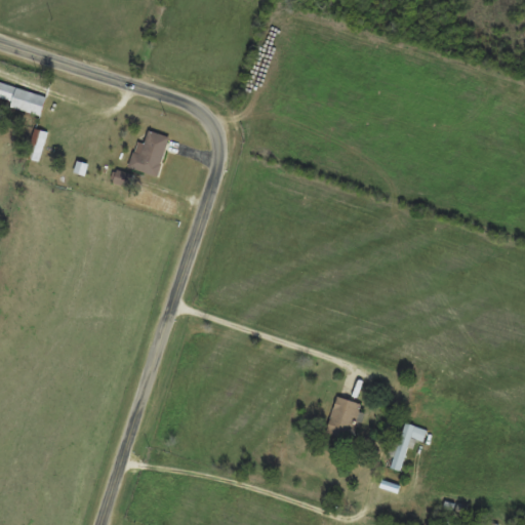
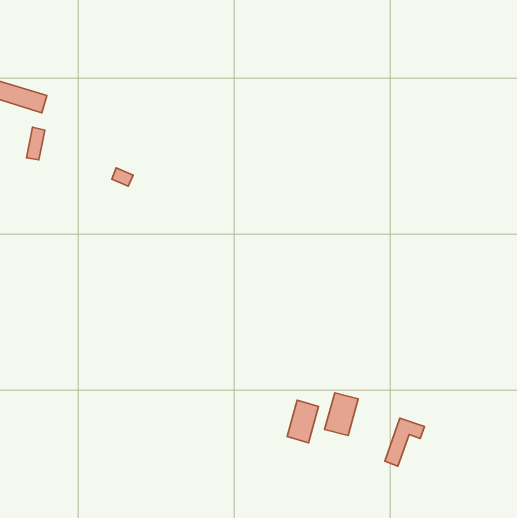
building: [128,130,168,176] -> none
building: none -> [287,400,319,443]

